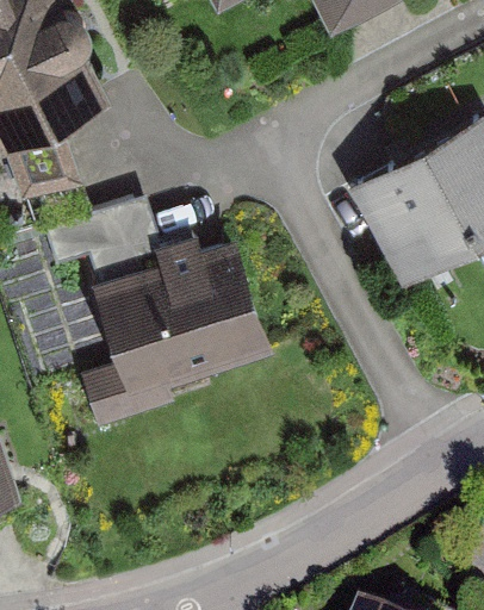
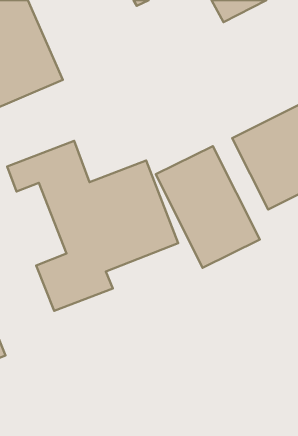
building: none -> [156,146,260,268]

